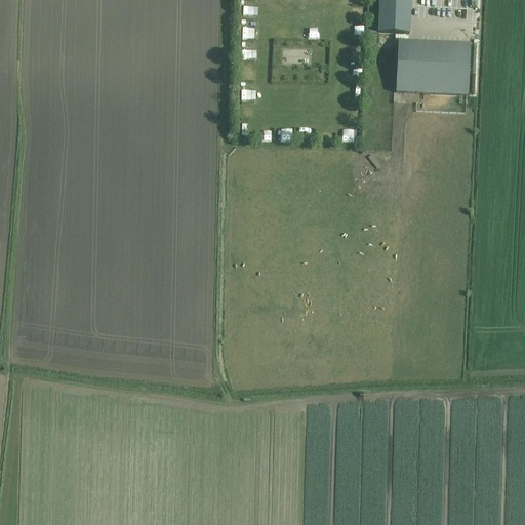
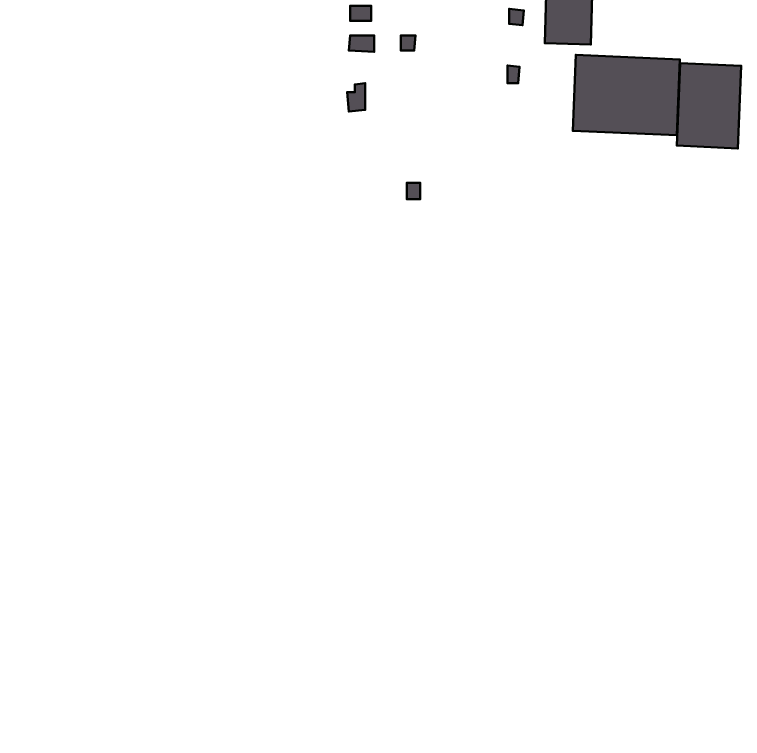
building: none -> [677,63,741,148]

